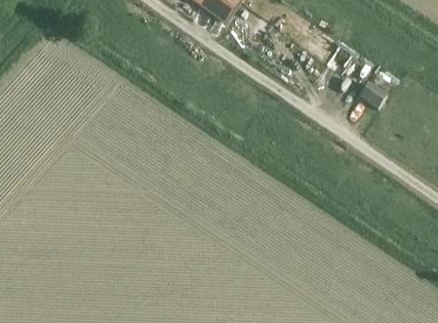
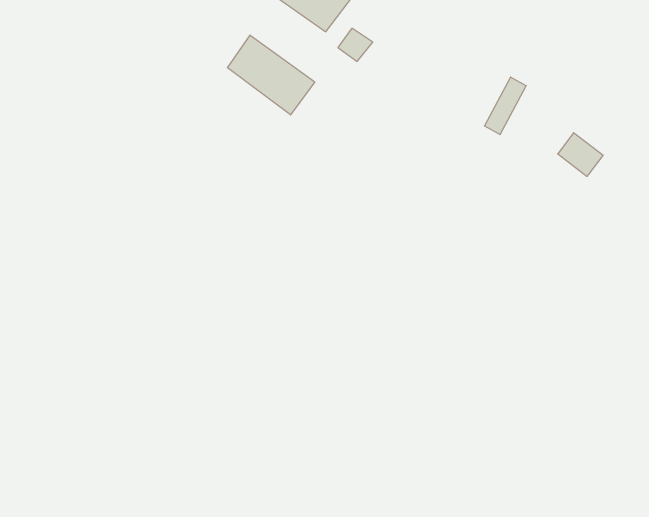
building: none -> [227,35,315,115]

